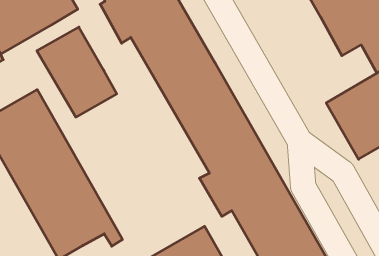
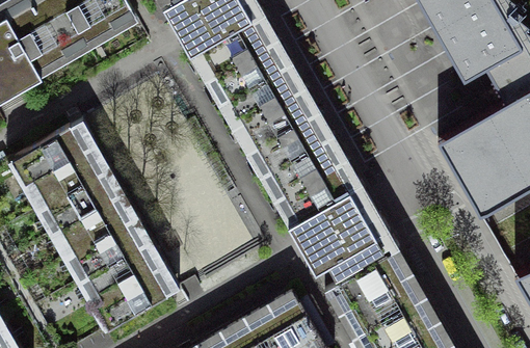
building: [37,27,117,117] -> none

